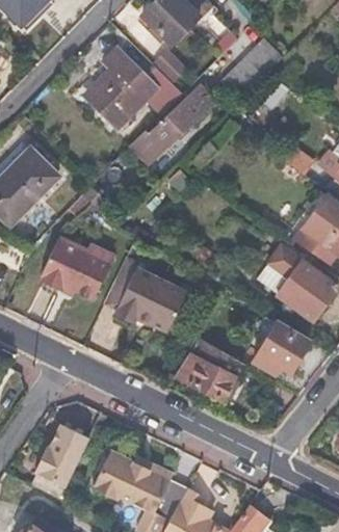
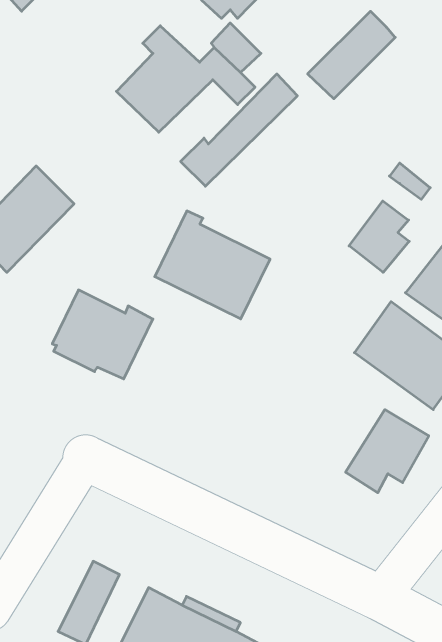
building: none -> [349,201,409,272]
building: [104,261,186,338] -> [155,211,270,319]
building: [177,339,244,402] -> none

